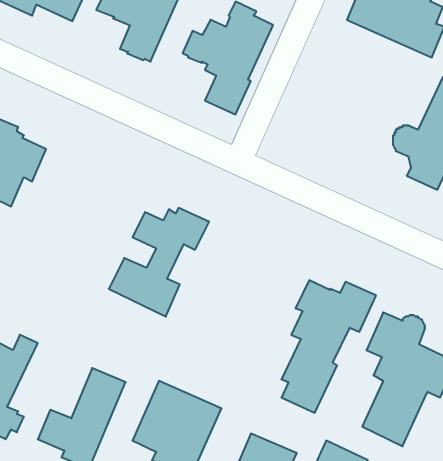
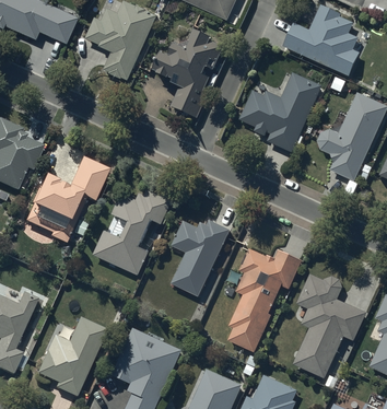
building: none -> [238,73,319,151]
building: none -> [25,155,109,244]
building: none -> [171,220,231,297]

